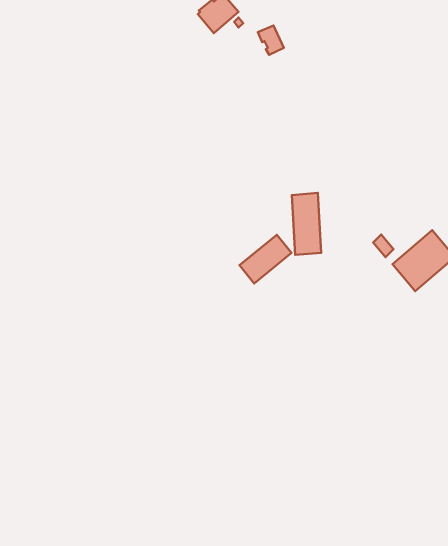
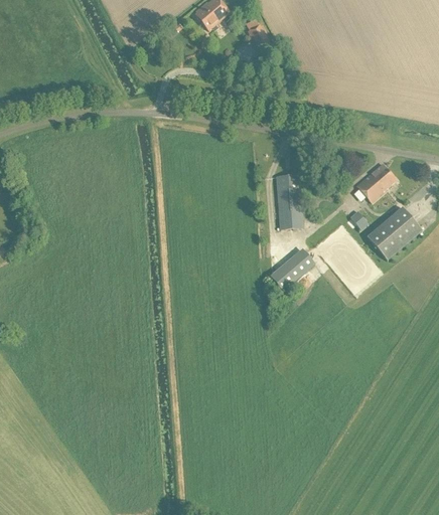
building: none -> [356,163,396,203]
building: [239,235,291,283] -> [267,247,313,291]

